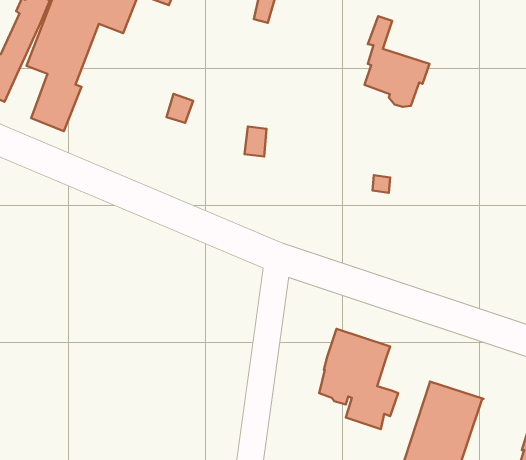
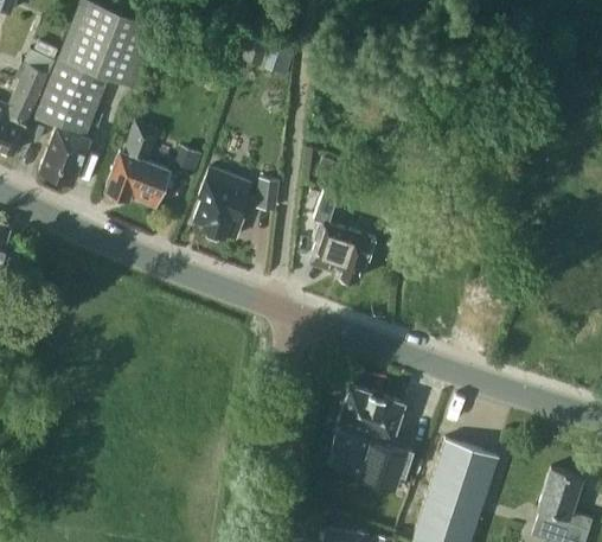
building: [364,16,430,107] -> [309,191,376,283]
building: none -> [105,122,168,206]
building: none -> [193,170,250,240]

